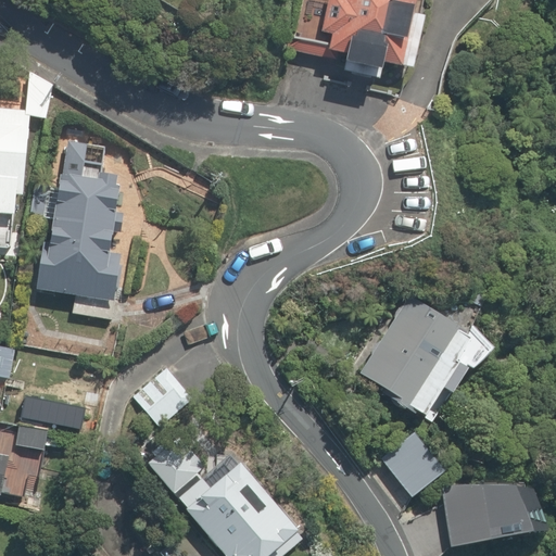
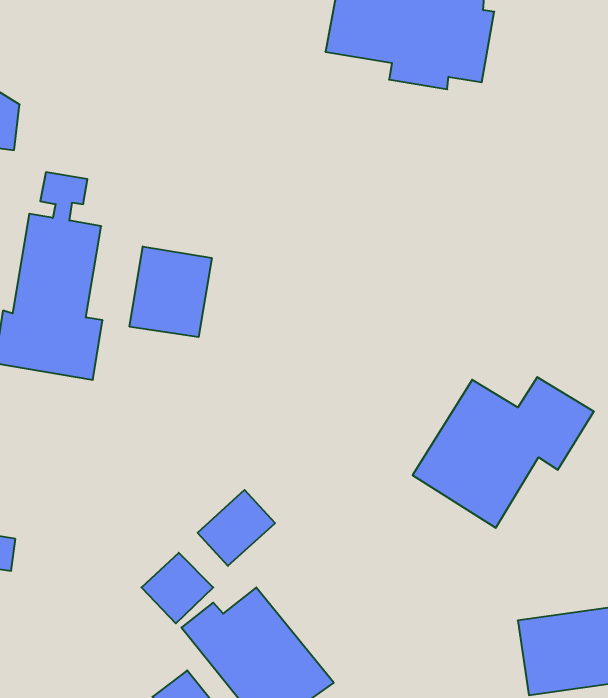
building: none -> [130,246,212,337]
building: [130,366,191,426] -> [198,490,275,566]
building: [377,431,440,494] -> none

